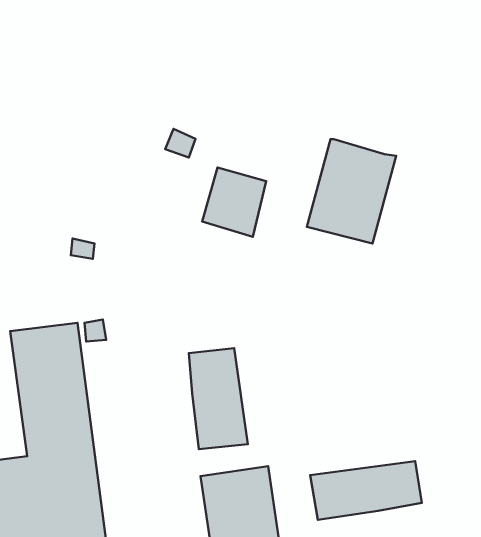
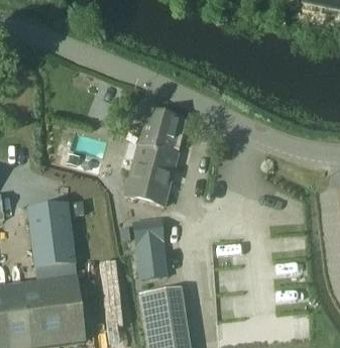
building: [307,139,396,244] -> [125,141,179,204]
building: [310,461,422,520] -> none

